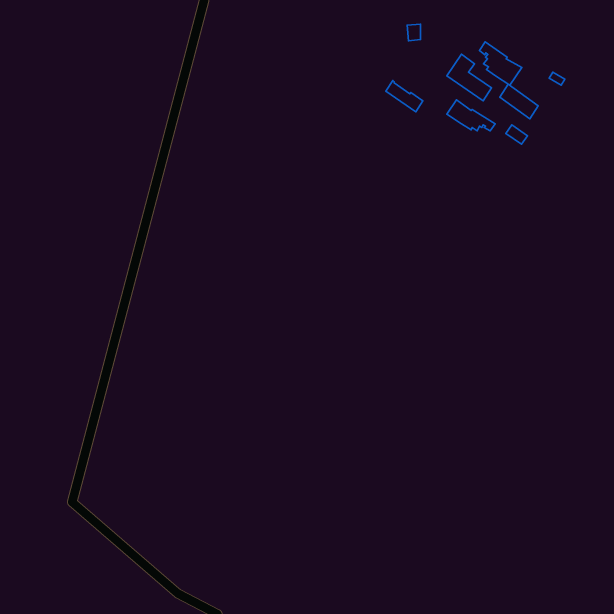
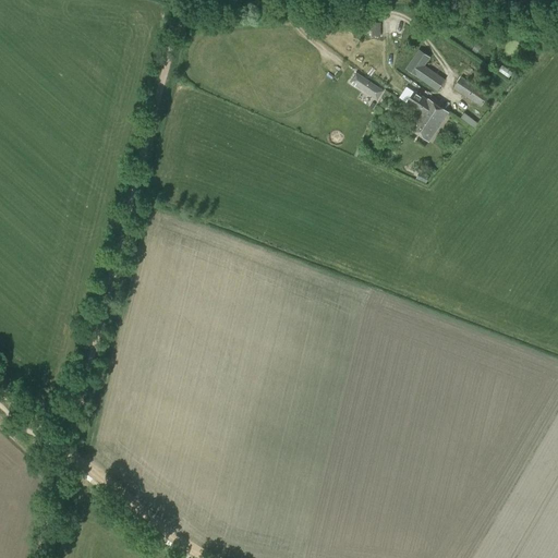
building: [479,42,522,85] -> none
building: none -> [409,112,445,142]

